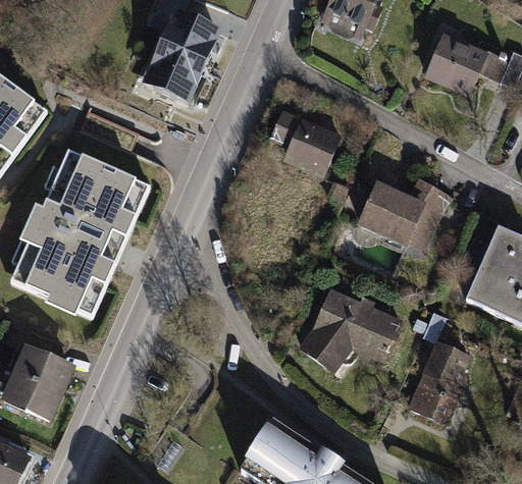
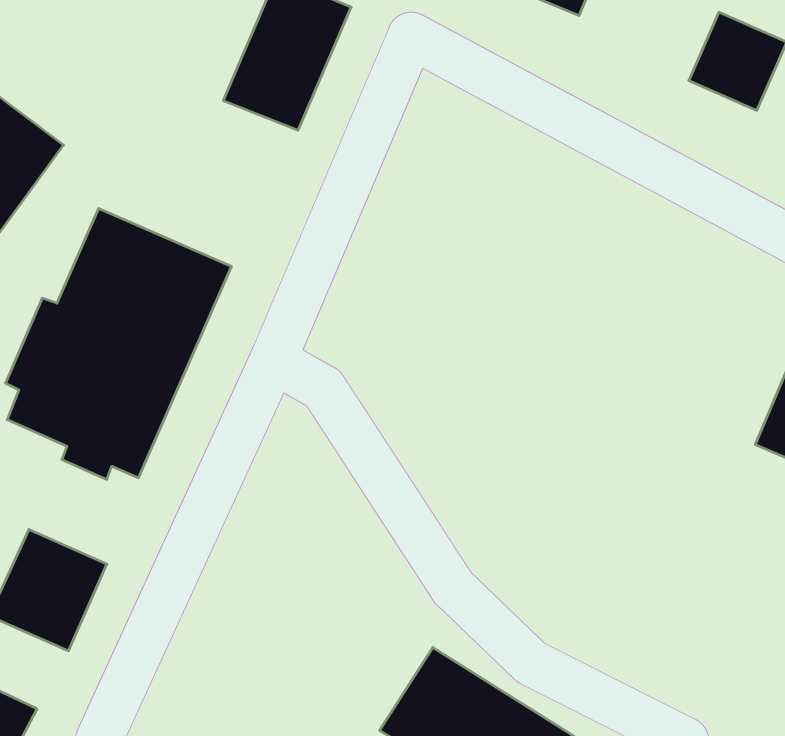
building: [273,107,344,173] -> none
building: [361,174,452,246] -> none
building: [296,288,401,374] -> none
building: [405,344,467,425] -> none

